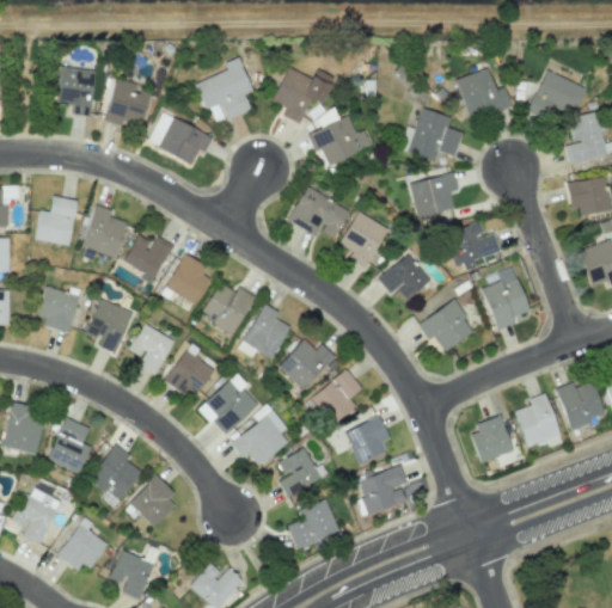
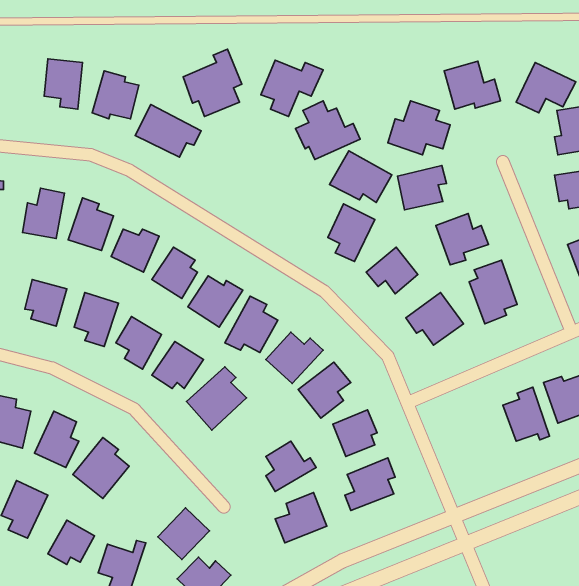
building: [288,186,350,238] -> [330,151,392,202]
building: [232,403,288,465] -> none
building: [471,414,514,462] -> none
building: [129,474,180,526] -> [158,508,209,559]

